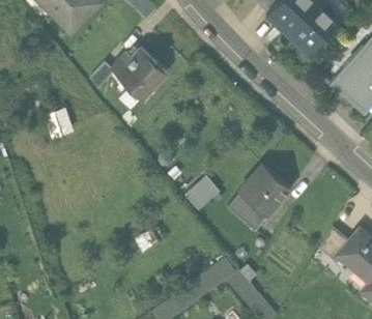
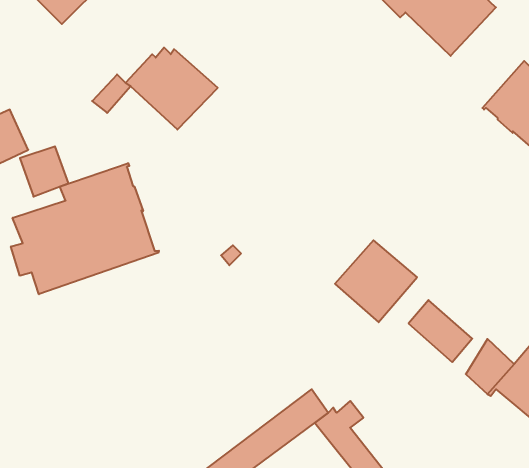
building: none -> [11,163,159,294]
building: [187,175,222,209] -> none
building: [227,192,266,230] -> [409,300,472,362]

